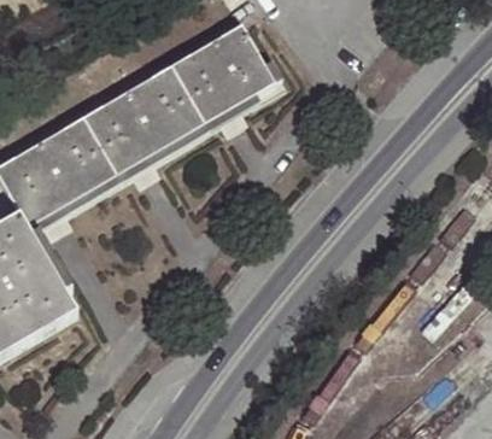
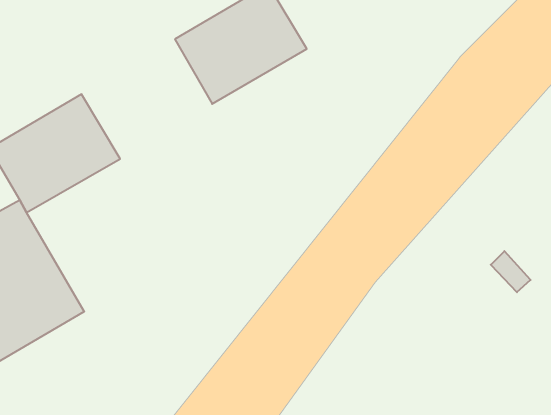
building: [78,74,193,178] -> none

